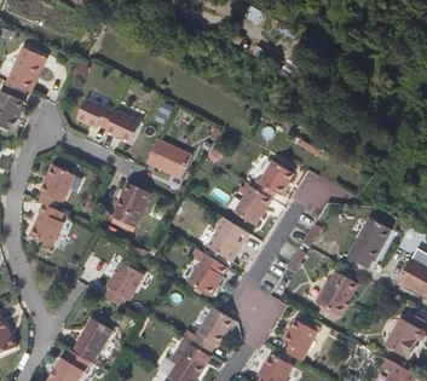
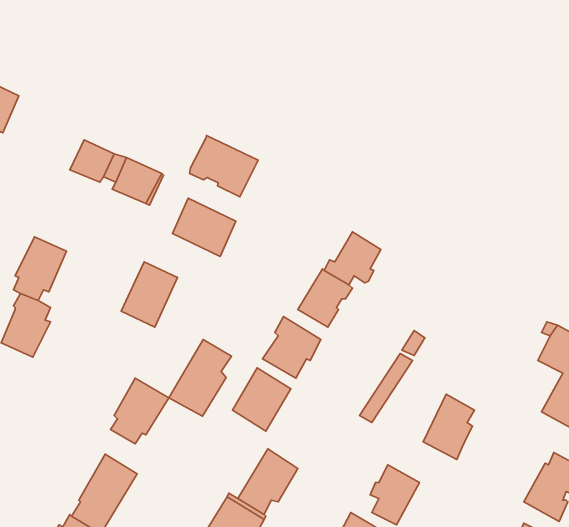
building: none -> [189,135,258,197]
building: [347,218,390,269] -> none
building: none -> [169,339,232,416]

